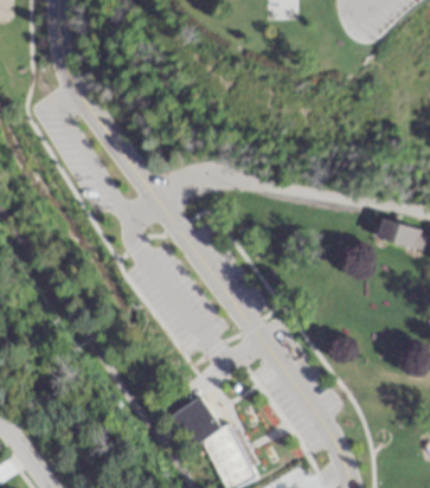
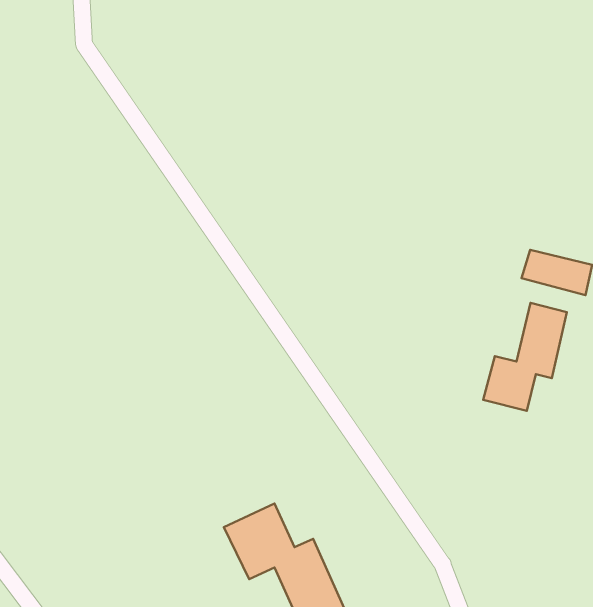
building: none -> [483,303,567,411]

